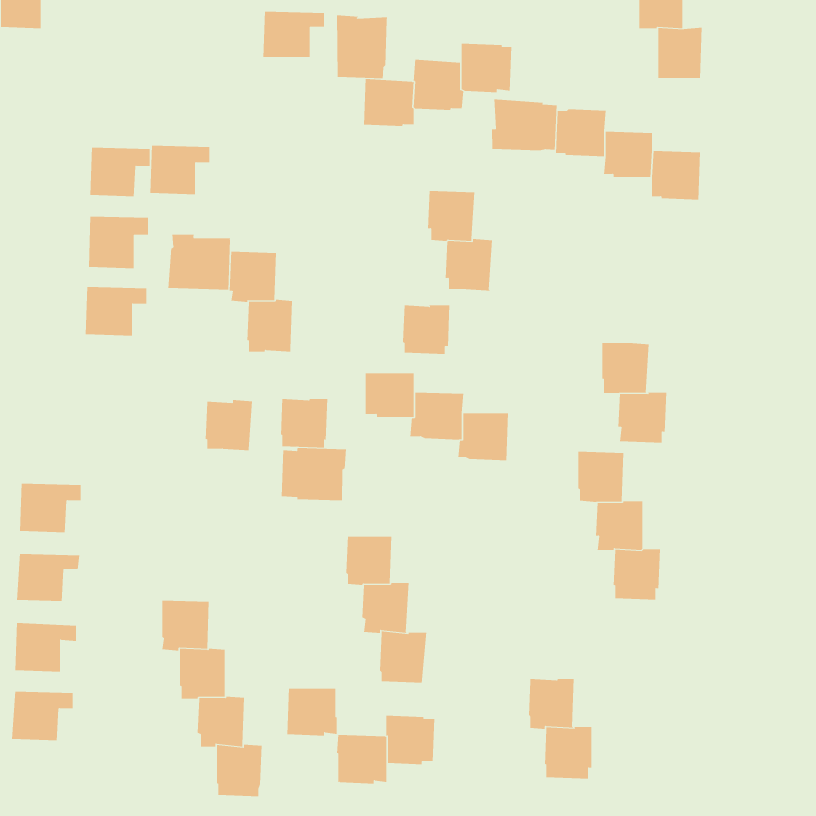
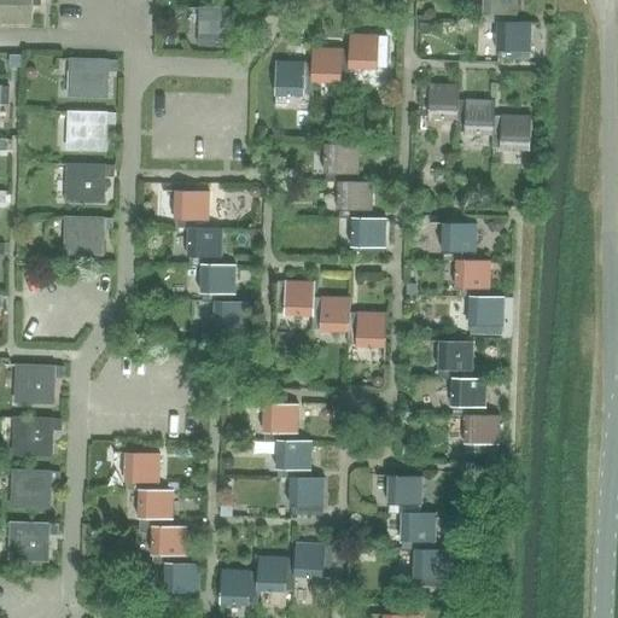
building: [336,14,387,79] -> none
building: [491,99,557,151] -> none
building: [150,145,210,195] -> [70,59,116,97]
building: [168,234,230,290] -> none
building: none -> [441,222,477,261]
building: [402,305,450,355] -> [351,218,387,256]
building: [205,400,253,451] -> [200,263,237,302]
building: [281,447,347,501] -> none
building: none -> [386,476,422,514]
building: [286,688,338,736] -> [218,569,257,605]

